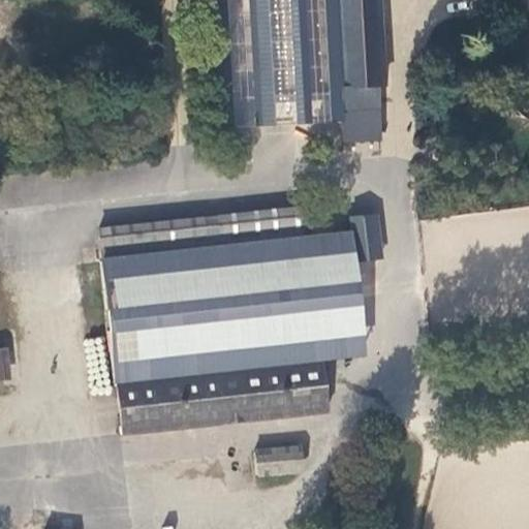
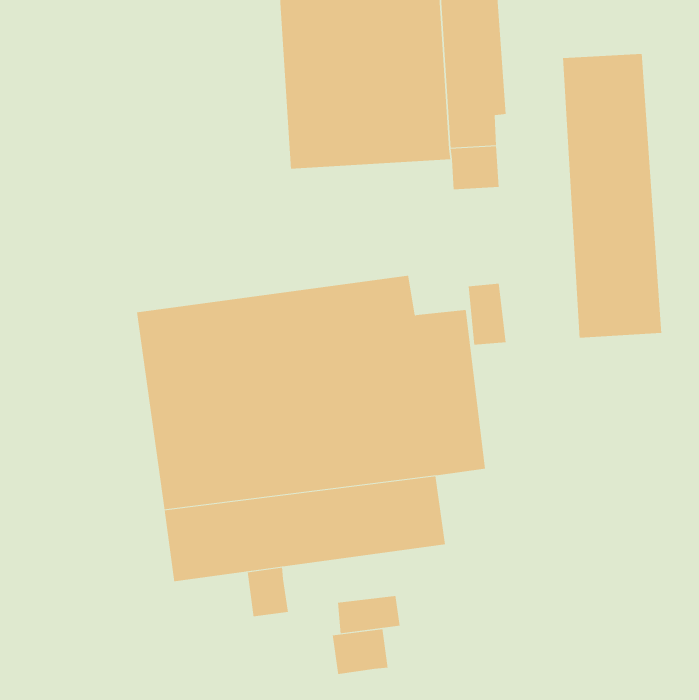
building: none -> [563,53,662,339]
building: none -> [247,567,288,617]
building: none -> [332,628,388,675]

